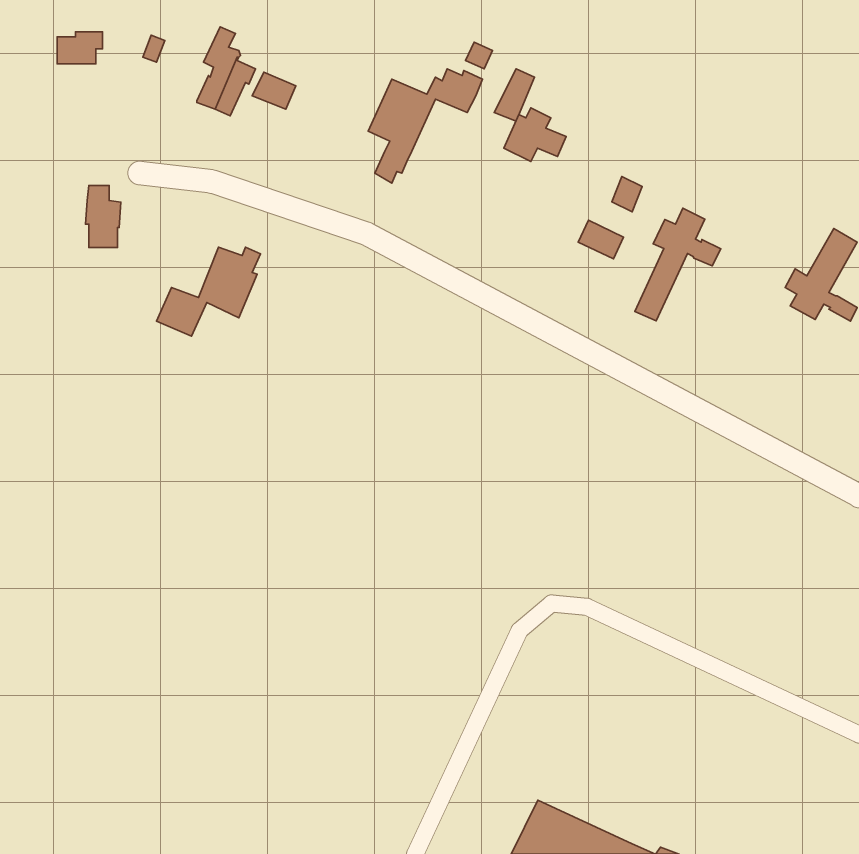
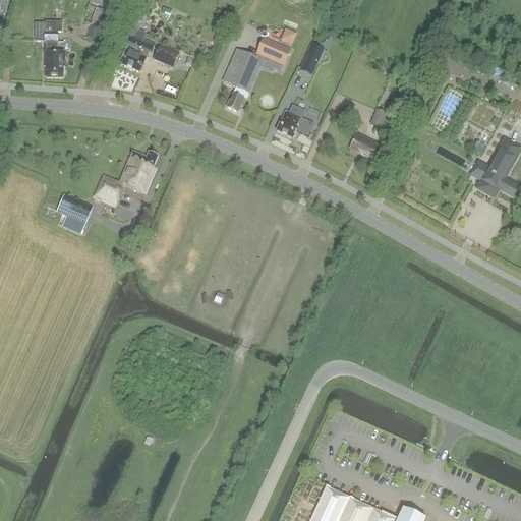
building: [504,108,566,162] -> [276,105,313,137]
building: [86,185,121,248] -> [44,39,65,76]
building: [635,208,721,321] -> none
building: none -> [57,195,92,232]

